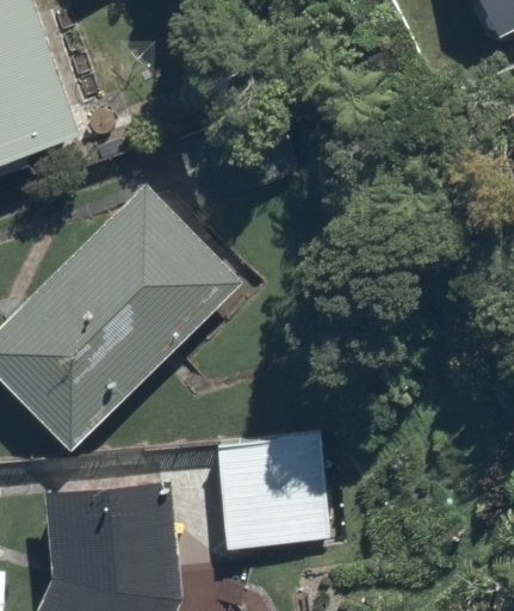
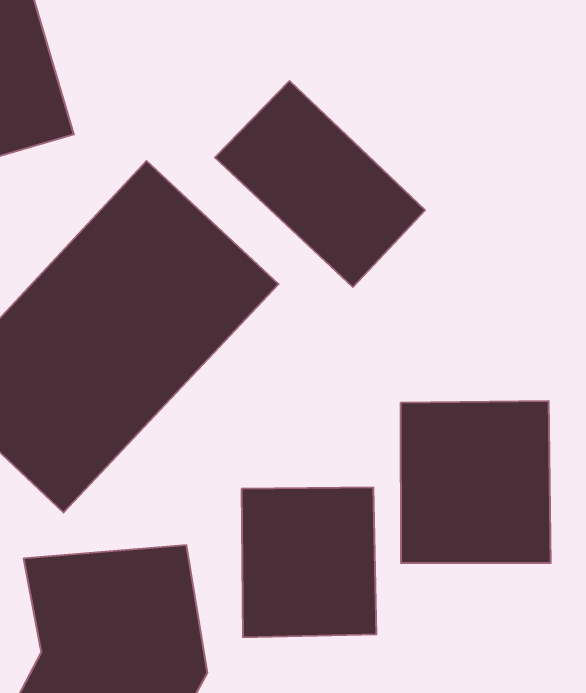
building: none -> [215,81,425,287]
building: none -> [401,401,551,563]

